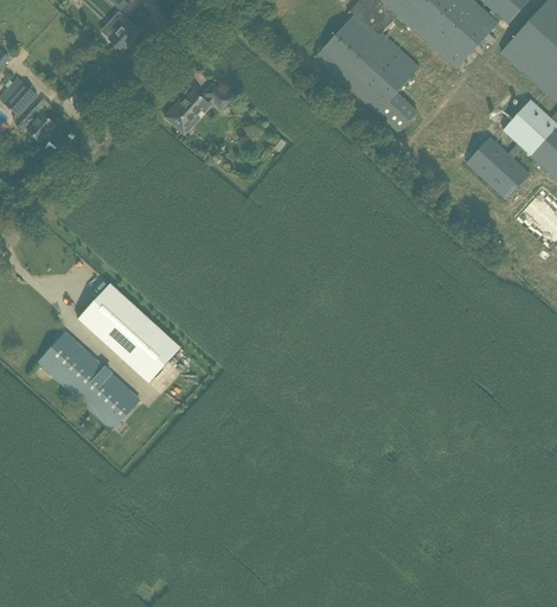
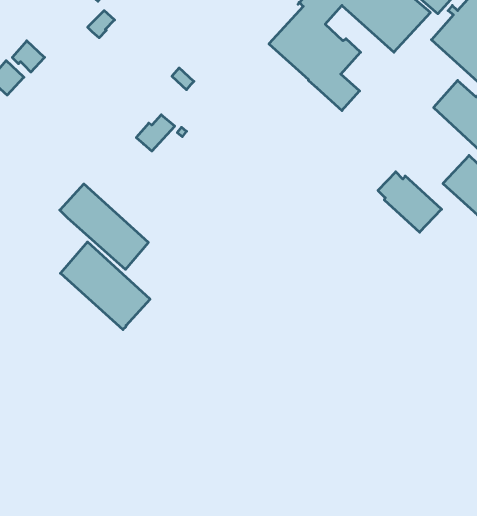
building: [165,90,209,132] -> [136,115,175,151]
building: [18,106,55,141] -> [12,41,45,72]
building: [459,130,531,199] -> [378,172,442,232]
building: [38,332,139,429] -> [60,184,148,269]

